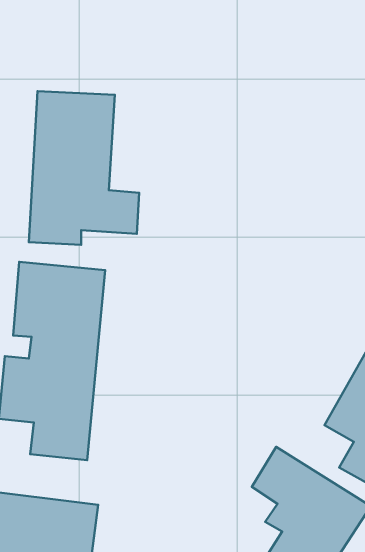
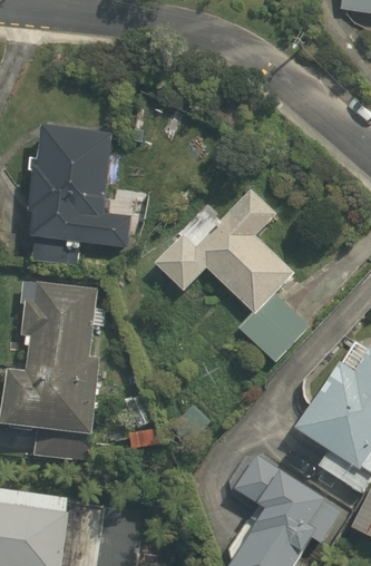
building: none -> [155,188,304,363]

